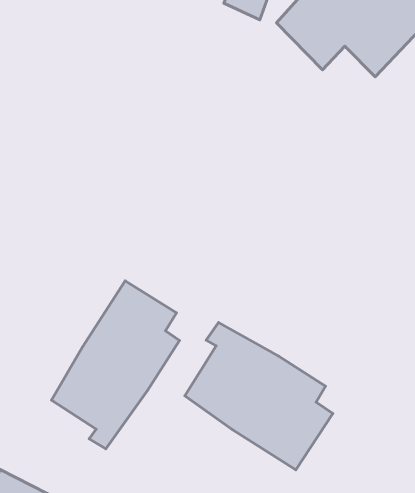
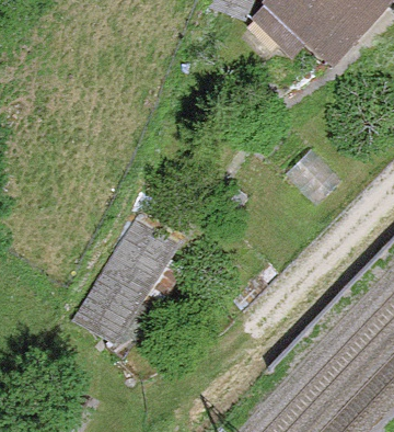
building: [185,323,333,470] -> none

